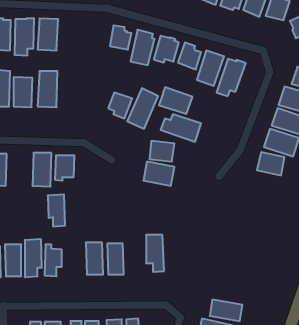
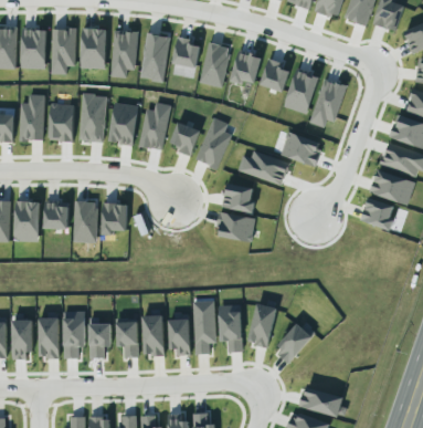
building: none -> [109,30,137,77]
building: none -> [139,32,170,82]
building: none -> [107,102,139,146]
building: none -> [139,103,169,150]
building: [159,87,192,114] -> [279,132,322,166]
building: none -> [43,201,67,229]
building: [48,195,65,226] -> [116,317,138,358]
building: none -> [193,301,215,354]
building: none -> [246,303,277,347]
building: none -> [275,322,313,362]

